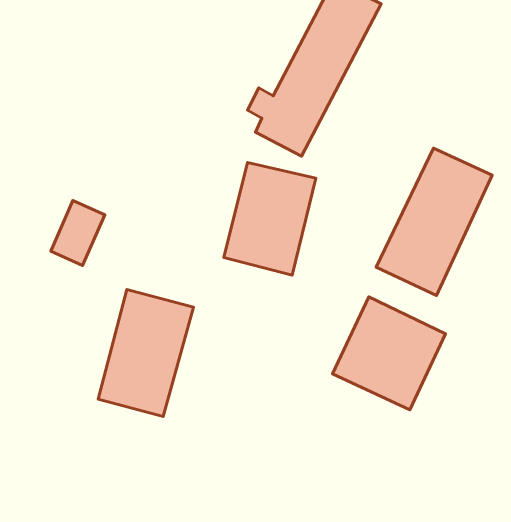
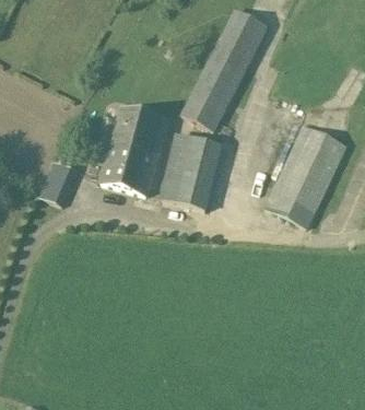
building: [98,290,193,416] -> [102,106,167,194]
building: [333,297,445,410] -> none

